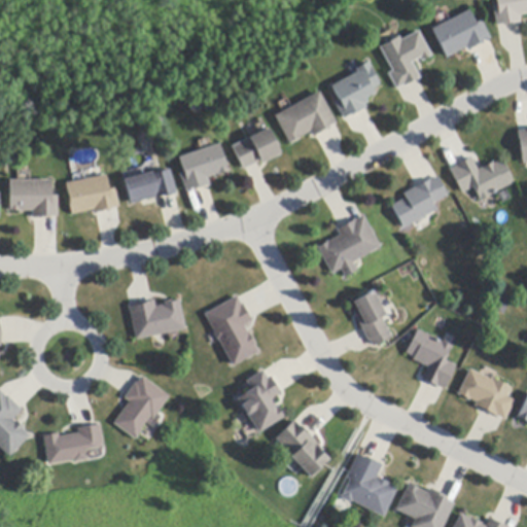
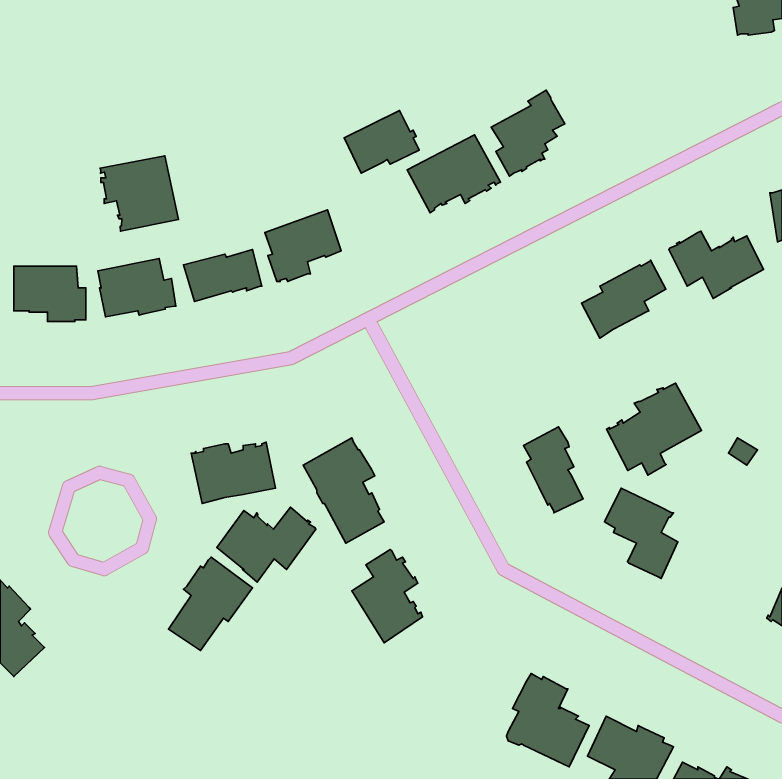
building: [432,9,491,57] -> none
building: [379,30,431,89] -> none
building: none -> [100,156,179,231]
building: [231,127,281,169] -> [344,110,419,173]
building: [317,214,381,276] -> [606,383,701,475]
building: none -> [217,507,316,582]
building: [457,367,515,419] -> none
building: [274,419,328,478] -> none
building: [43,423,104,464] -> none

